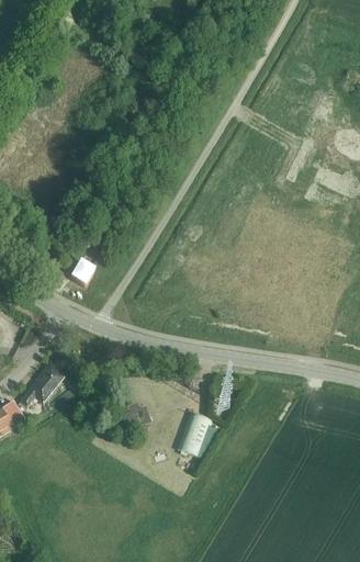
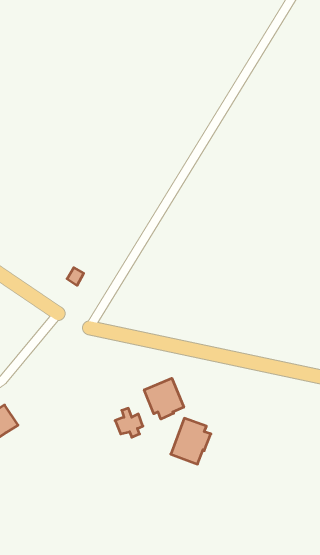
building: [21,362,65,405] -> none
building: none -> [144,378,184,419]

